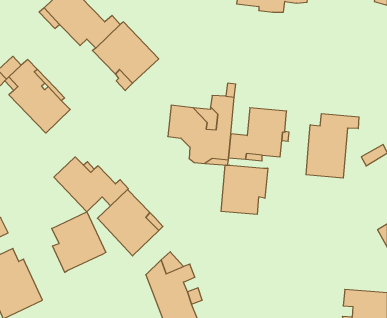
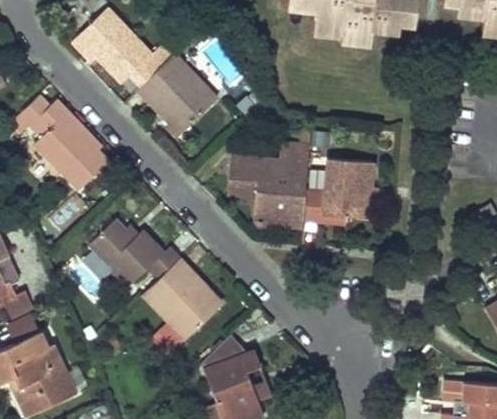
building: [306,114,359,178] -> none
building: [221,165,268,214] -> none
building: [52,212,106,272] -> none

